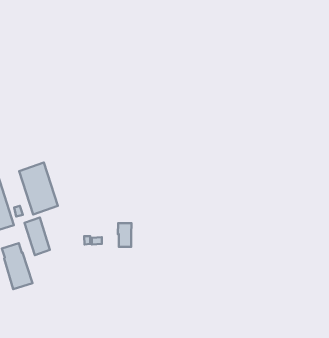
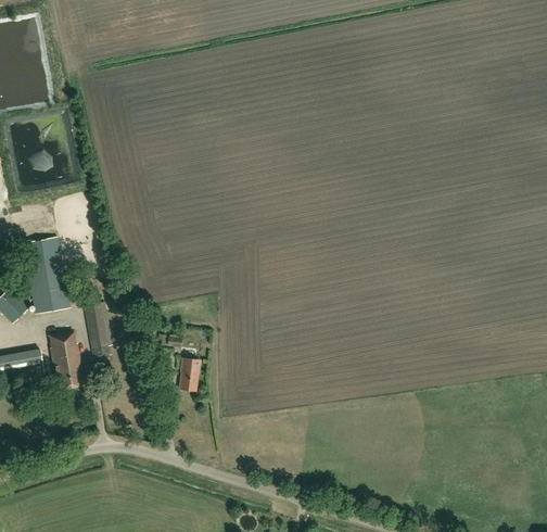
building: [19,163,58,214] -> none
building: [118,223,132,247] -> [179,358,200,391]

